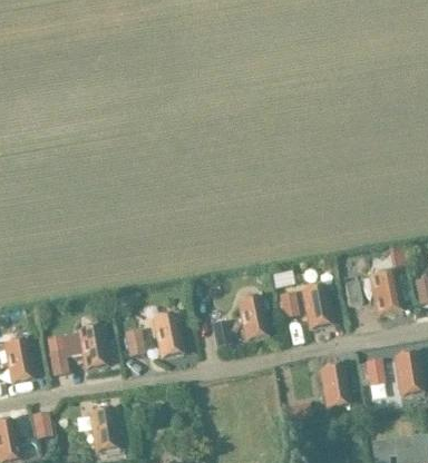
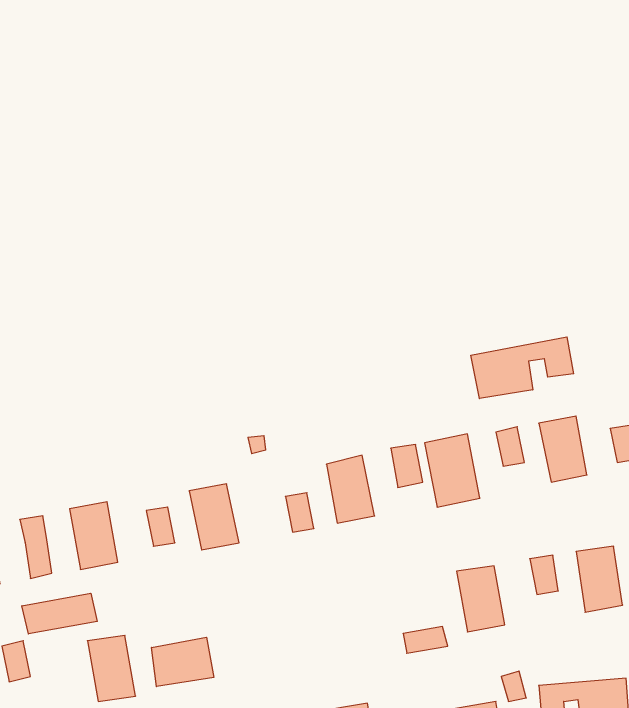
building: none -> [471,337,574,399]
building: none -> [22,593,97,634]
building: none -> [152,637,214,687]

